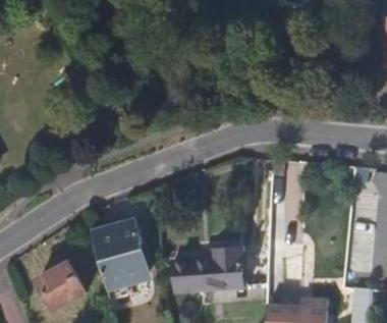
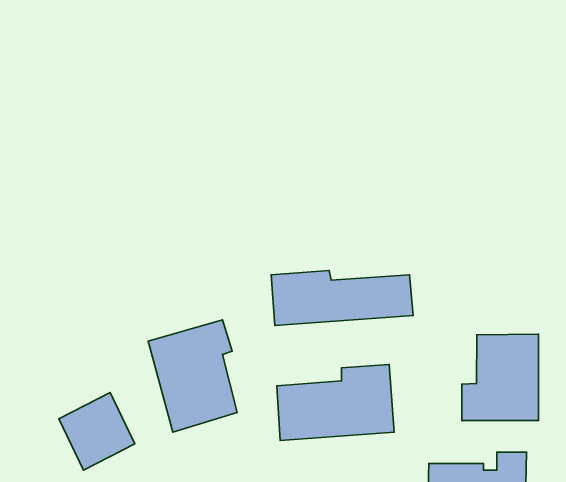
building: none -> [271,270,413,326]
building: none -> [462,334,538,421]

